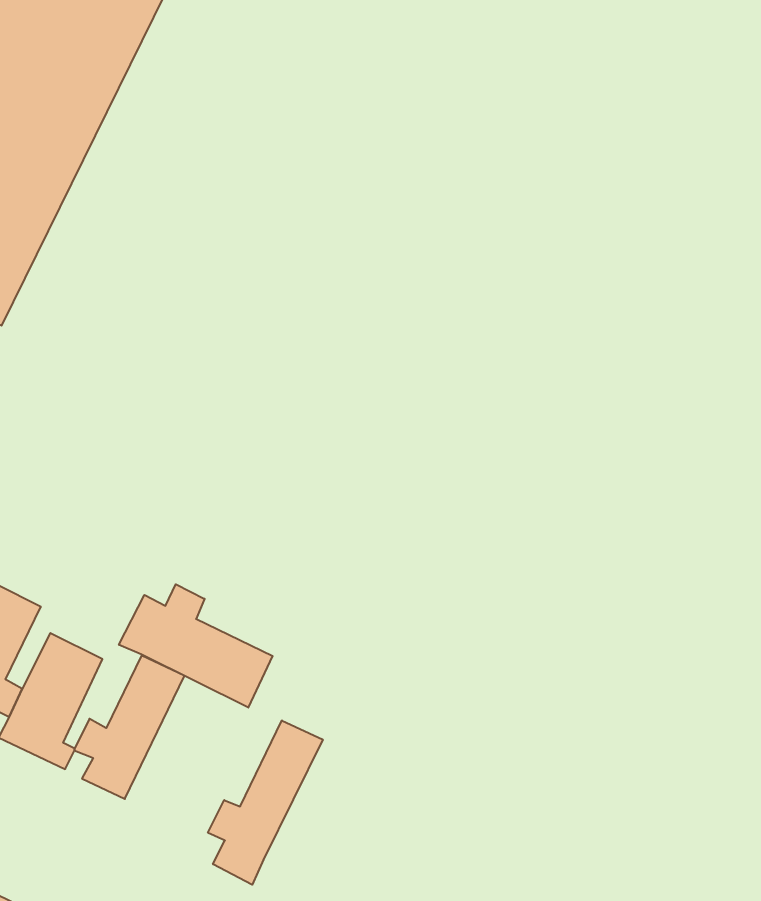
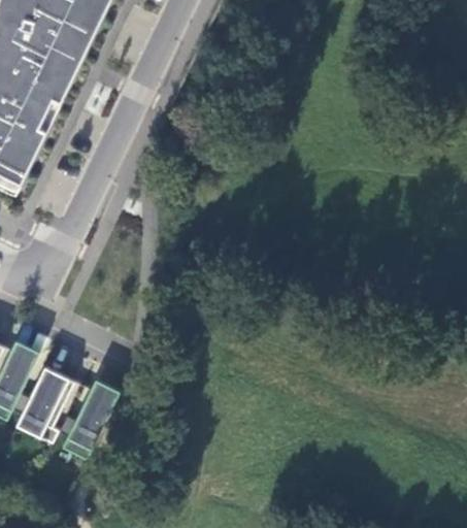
building: [119,584,273,708] -> none
building: [208,720,323,885] -> none

